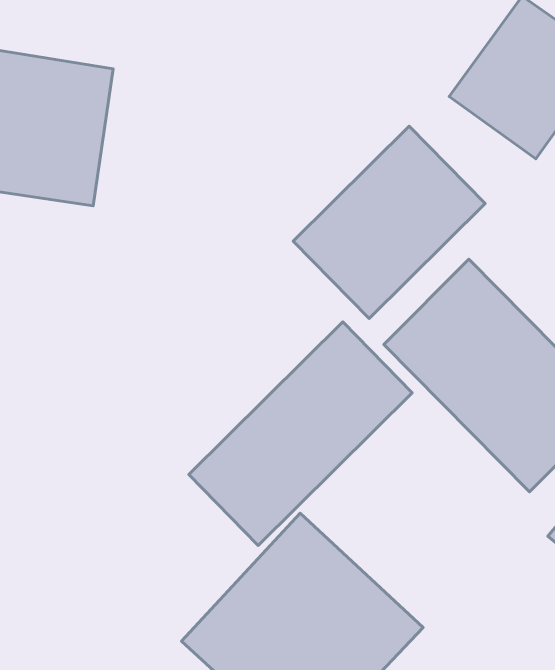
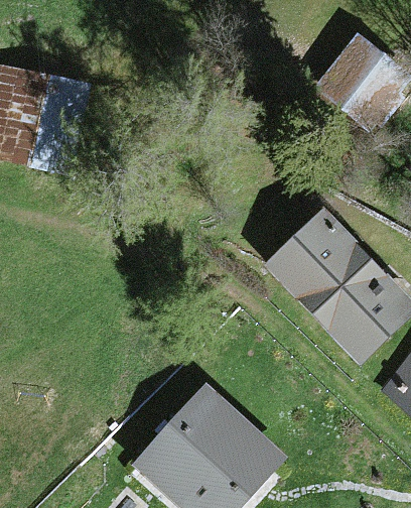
building: [293,126,485,319] -> none
building: [189,322,412,545] -> none

